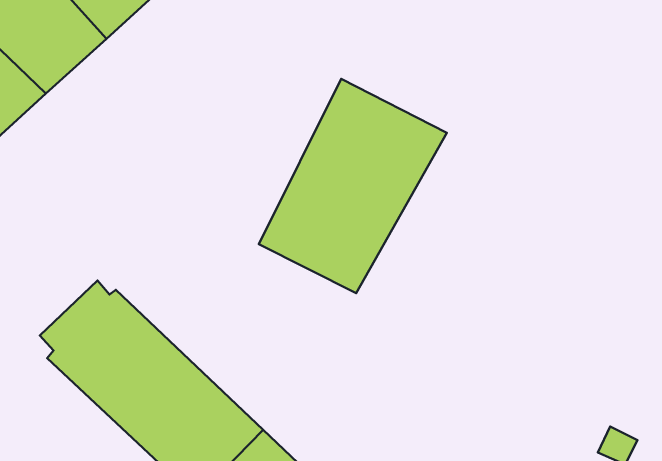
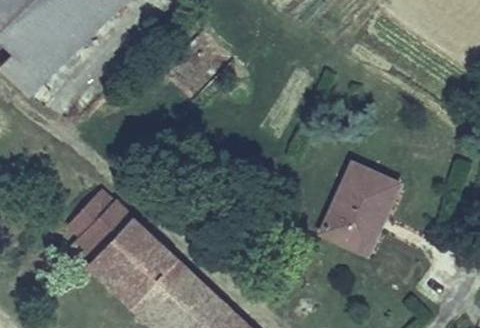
building: [259,79,447,293] -> none
building: none -> [318,160,398,253]

